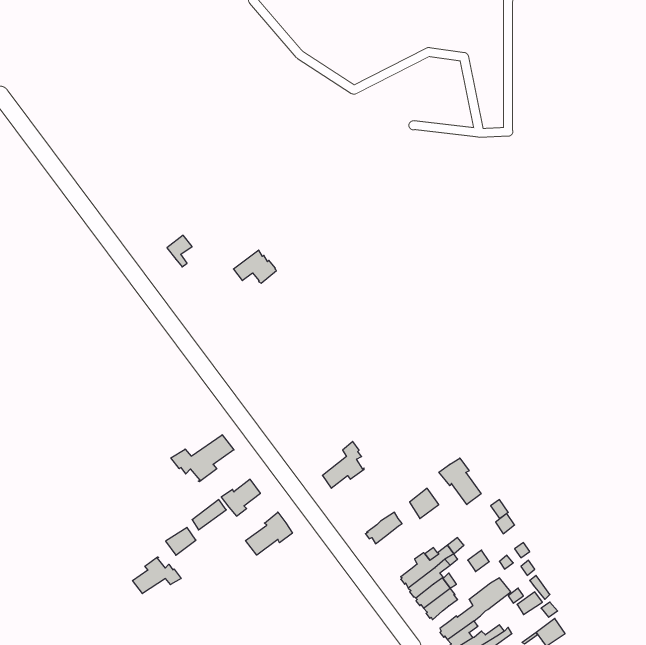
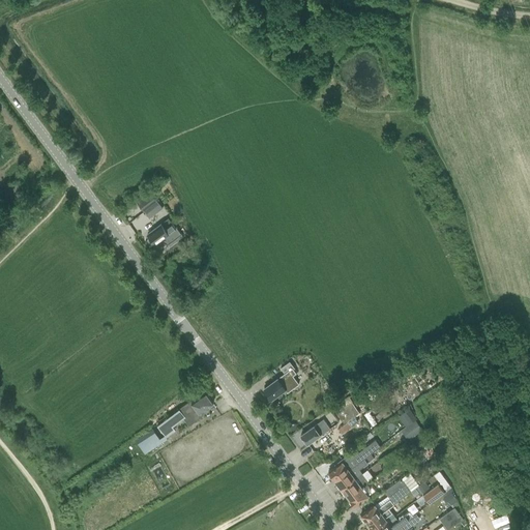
building: [233,250,276,283] -> [147,220,182,247]
building: [171,435,234,482] -> none
building: [439,458,481,505] -> none
building: [246,512,292,555] -> none
building: [133,557,181,594] -> none

